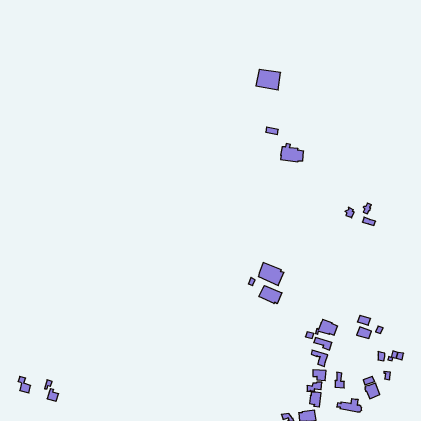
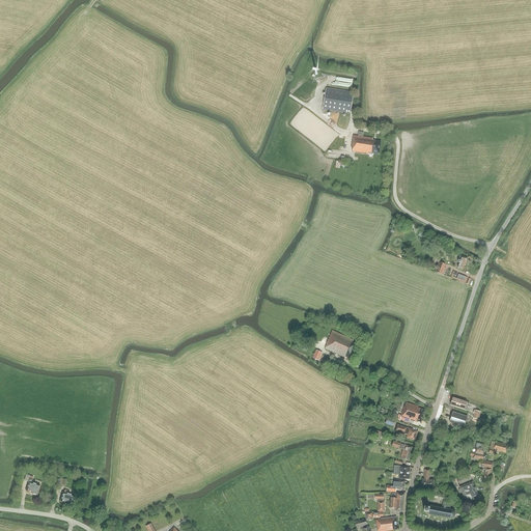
building: [281,144,304,162] -> [351,131,380,153]
building: [259,286,282,304] -> none

